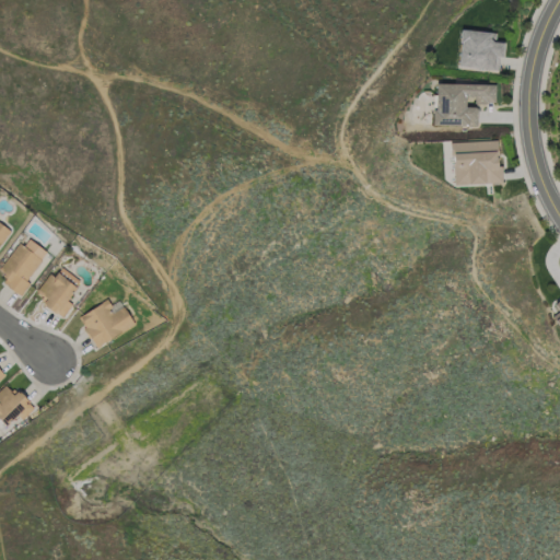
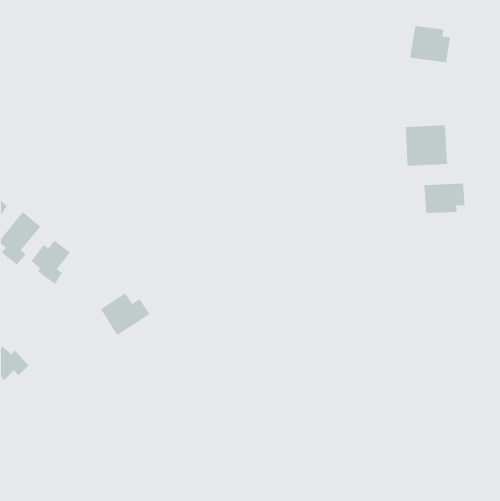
building: [434,83,497,126] -> none
building: none -> [424,183,465,214]
building: [79,300,135,348] -> [100,292,150,336]

